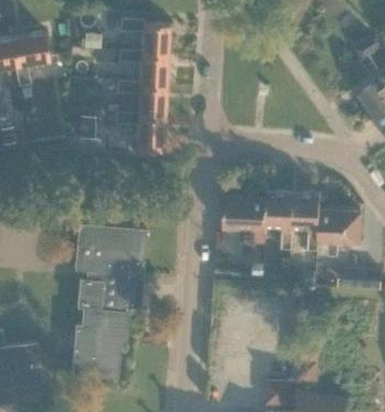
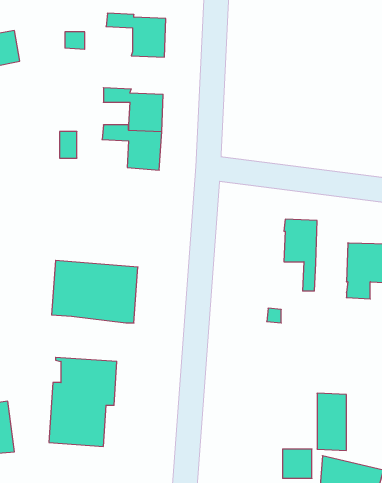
building: [117,51,166,87] -> none
building: [292,192,321,252] -> none
building: [222,200,267,245] -> none
building: [75,272,134,310] -> none

